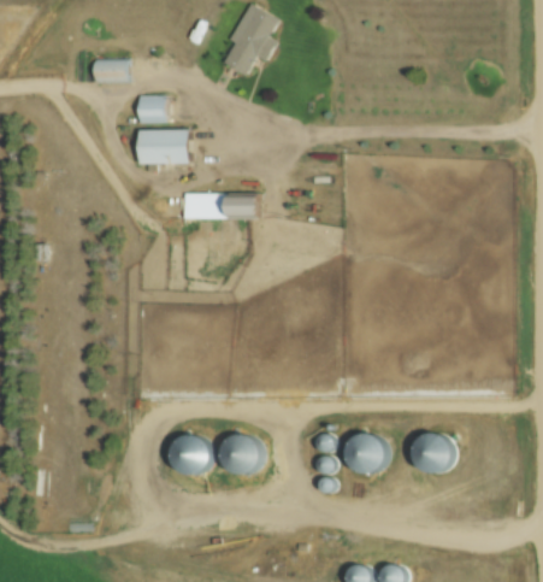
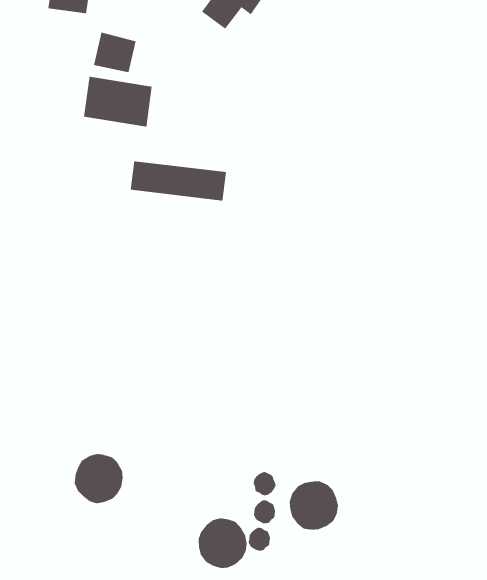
building: [415,431,456,472] -> none
building: [220,435,261,476] -> [198,518,248,568]

